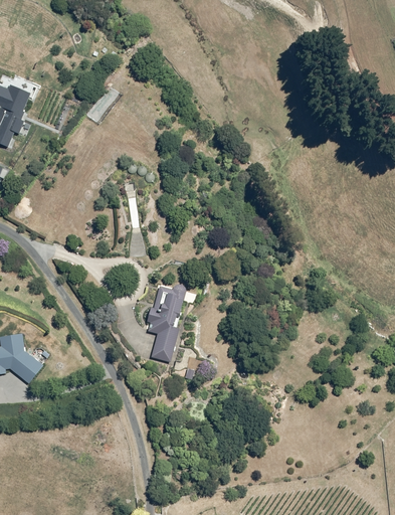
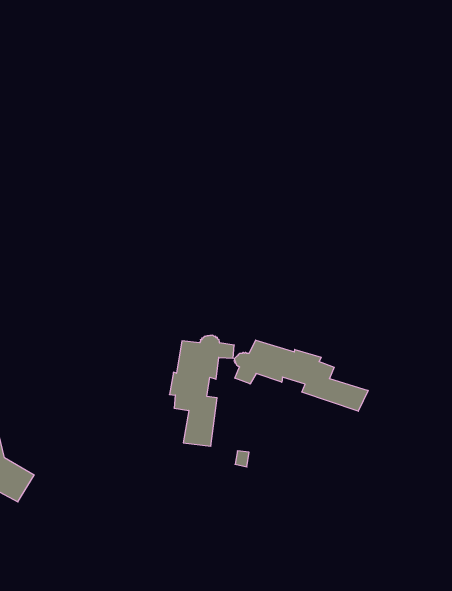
building: none -> [234,340,368,411]

